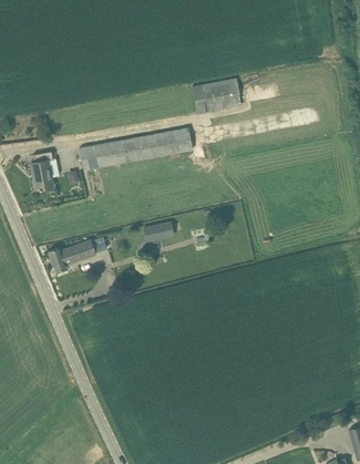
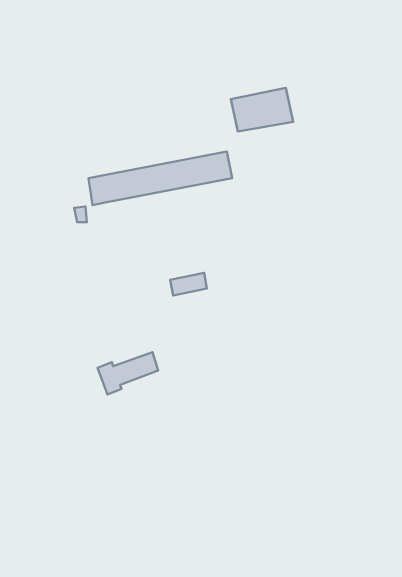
building: [30,151,53,189] -> none
building: [48,239,95,272] -> [98,352,158,395]

